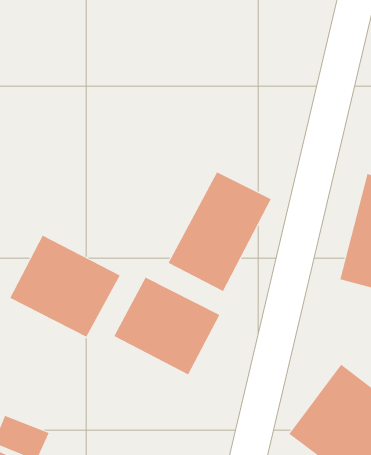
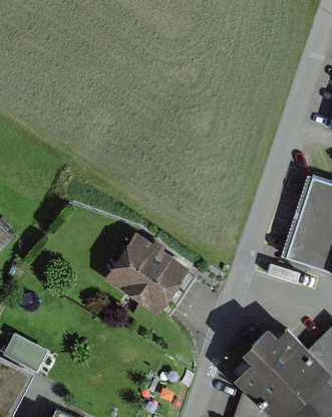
building: [168,171,272,292] -> none
building: [9,235,120,338] -> none

